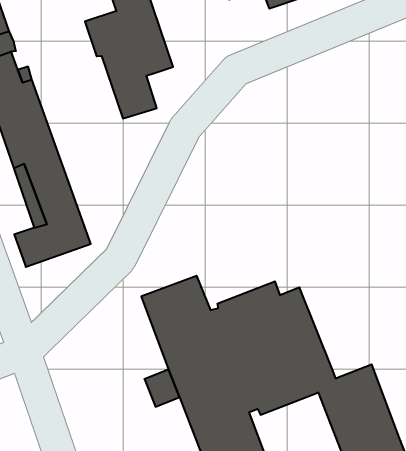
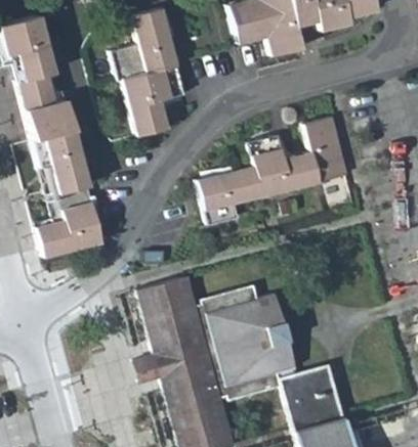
building: none -> [197,117,347,226]

